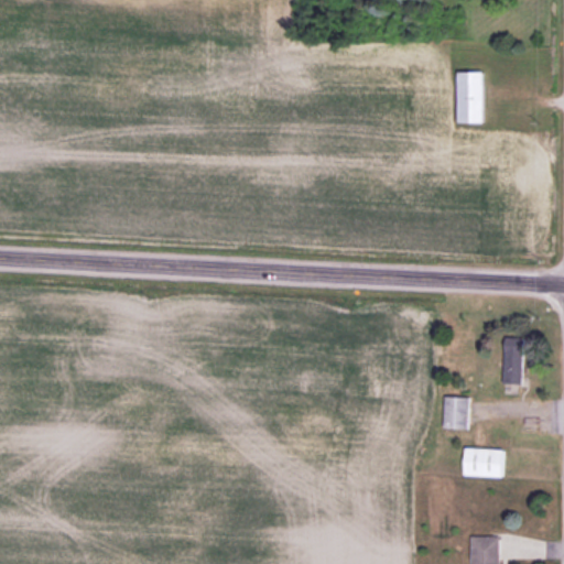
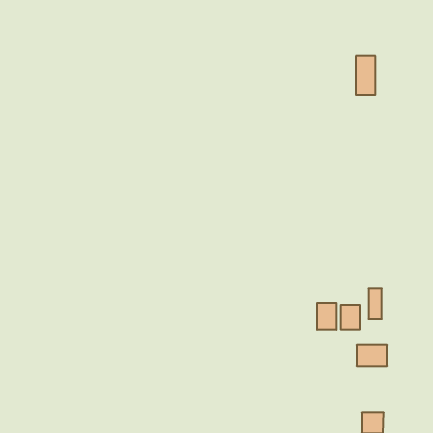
building: [503,344,521,383] -> [368,288,382,319]
building: none -> [317,303,336,330]

